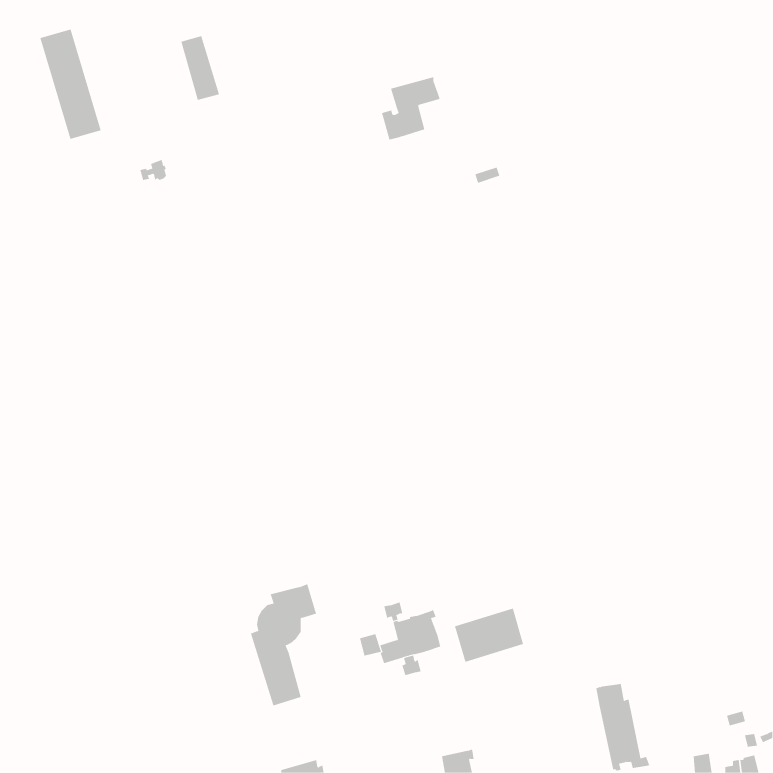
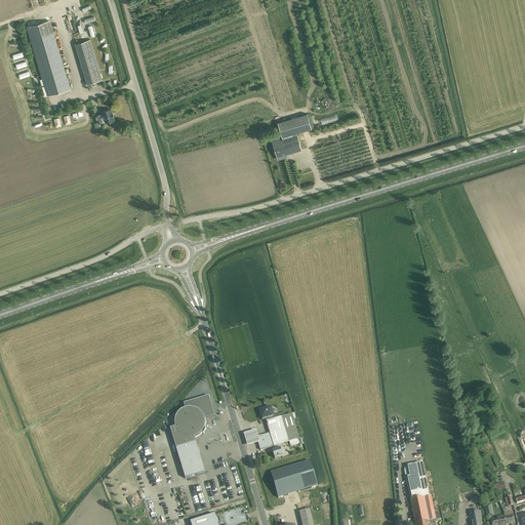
building: [181,35,220,101] -> [75,39,102,83]
building: [381,76,440,140] -> [271,113,311,156]
building: [454,608,524,662] -> [270,460,317,497]

